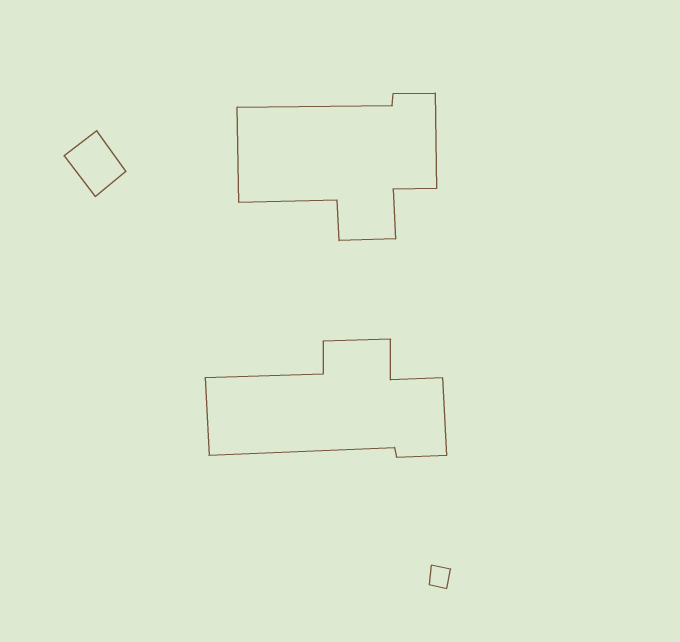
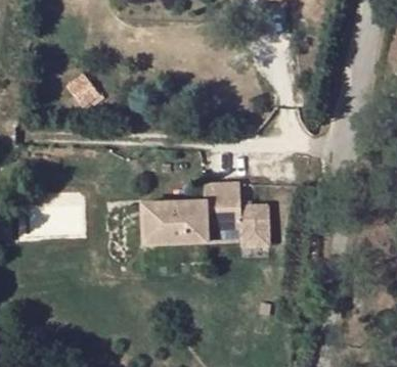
building: [237,93,437,241] -> none

